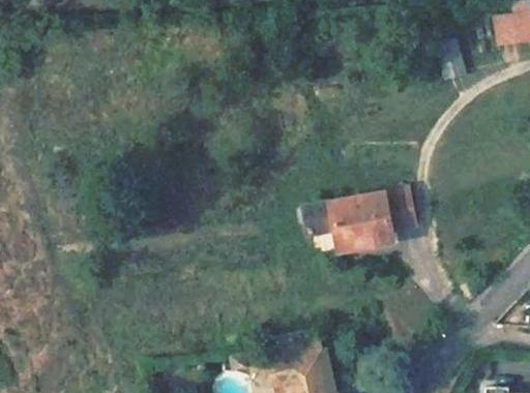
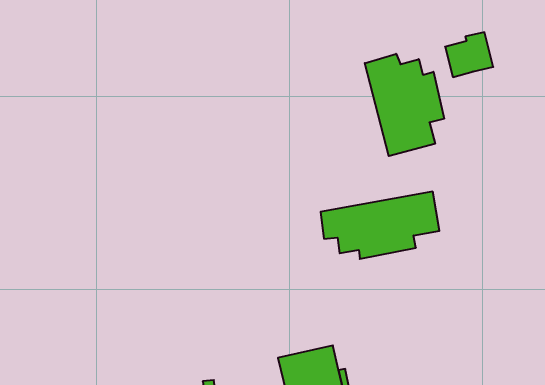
building: none -> [365,54,444,156]

